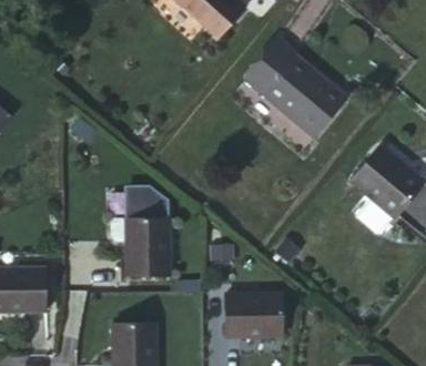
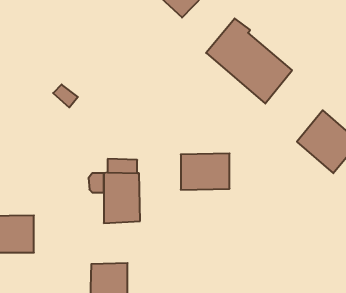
building: [226,293,283,335] -> [181,153,230,190]

